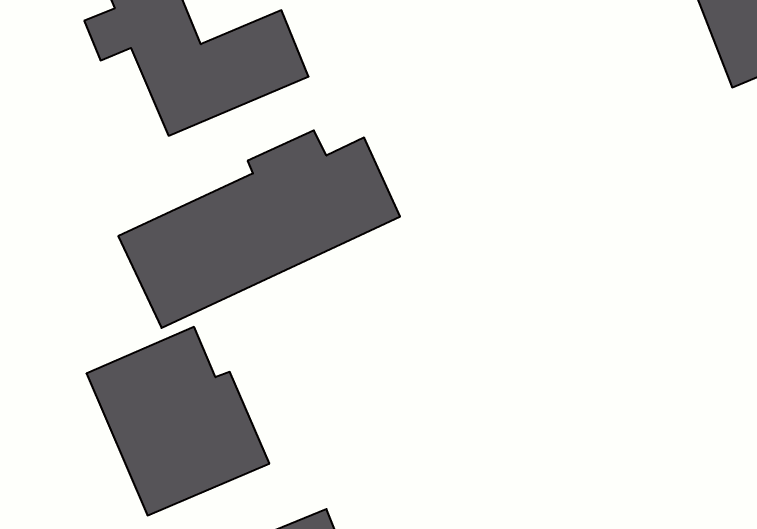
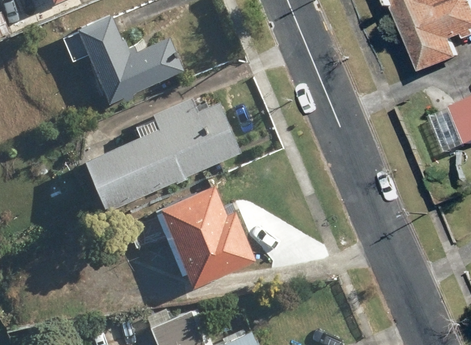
building: [86,327,269,515] -> [151,184,253,289]

